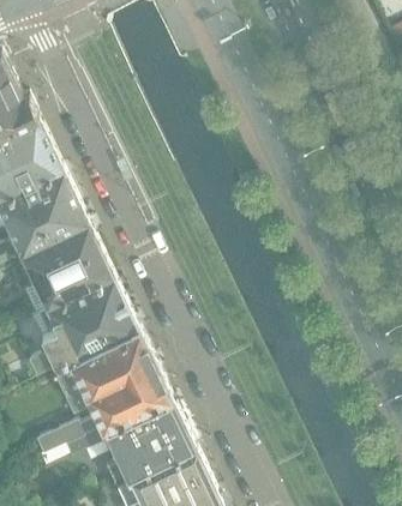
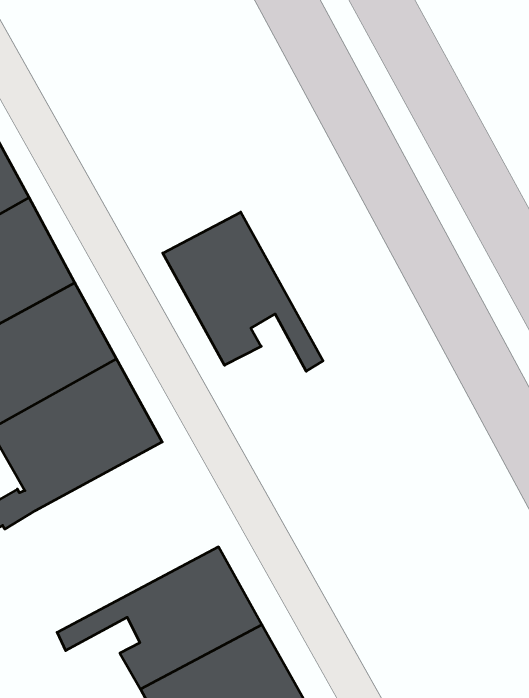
building: none -> [163,212,323,371]
building: [34,325,168,452] -> none

